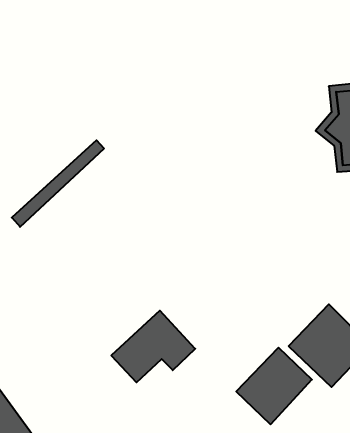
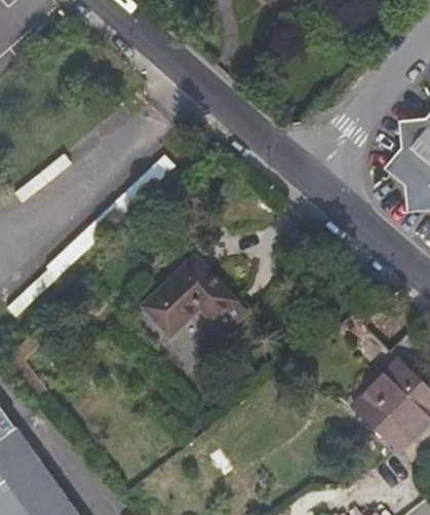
building: [111,311,195,382] -> [144,257,236,336]
building: [236,348,312,424] -> none

